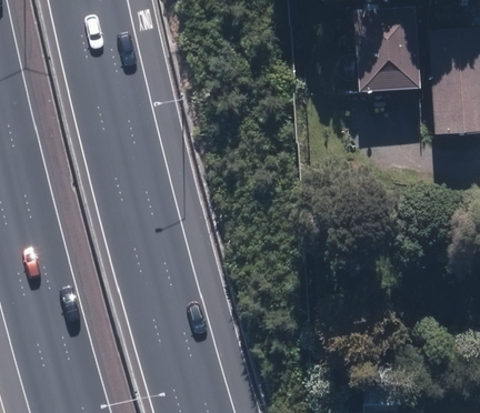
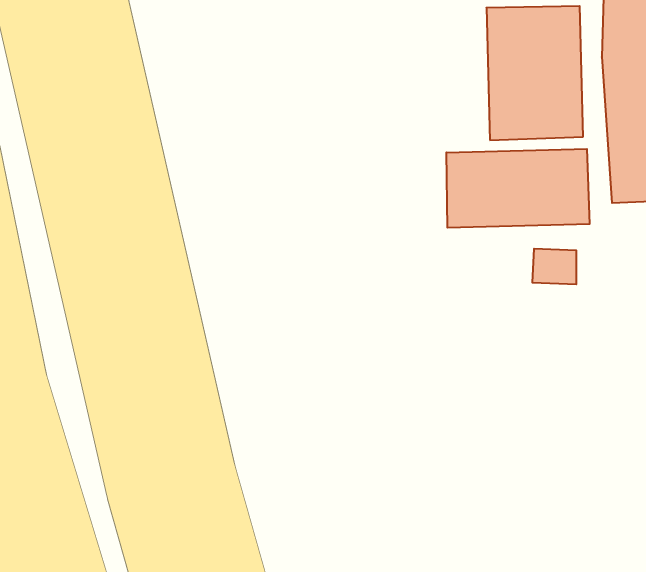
building: none -> [446,149,590,228]

